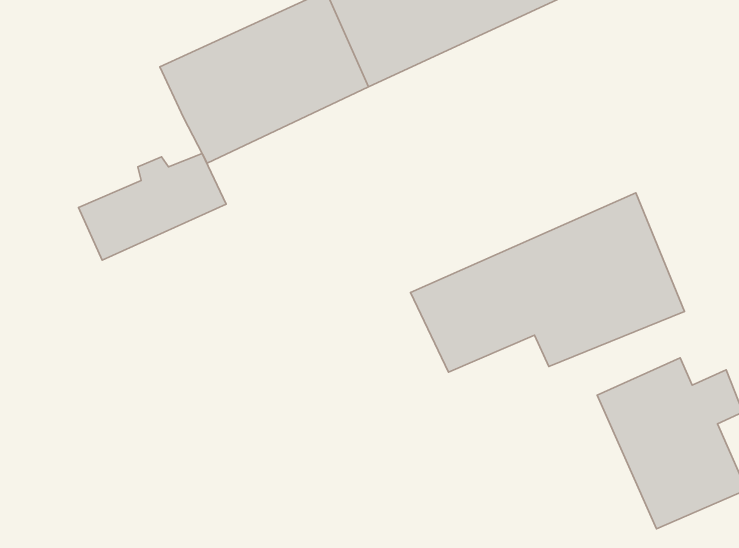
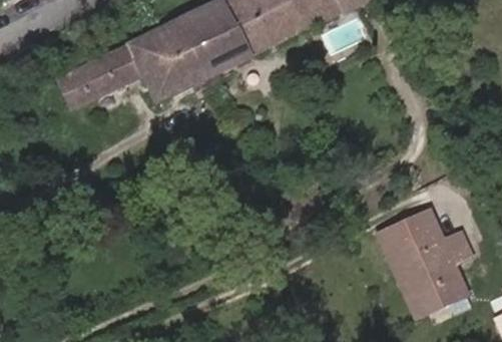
building: [79,153,226,260] -> [54,43,141,106]
building: [411,193,684,372] -> none

